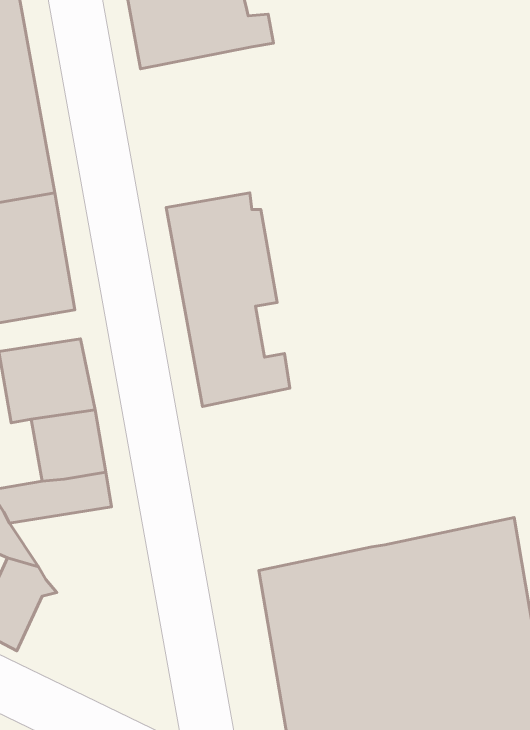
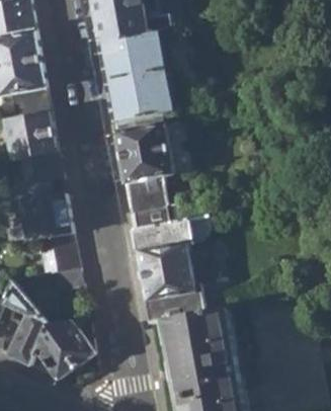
building: none -> [96,30,172,119]
building: none -> [131,218,232,324]
building: none -> [27,321,92,381]

